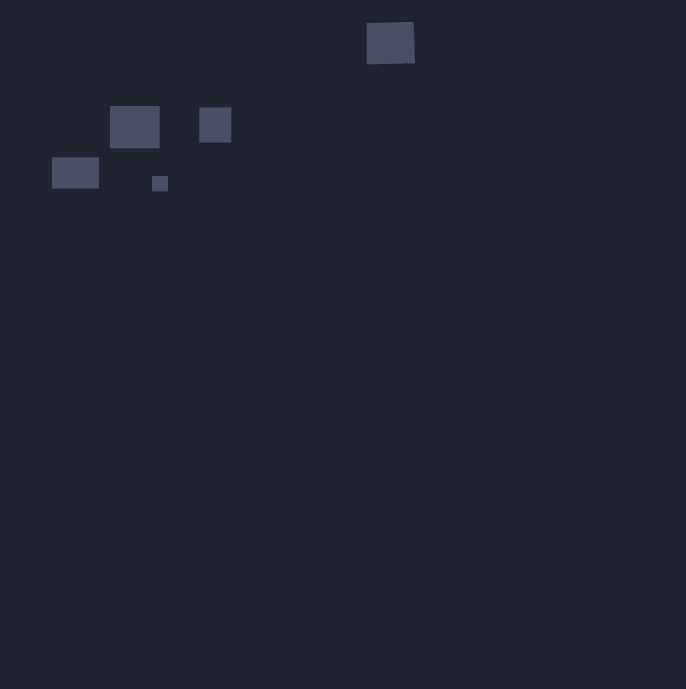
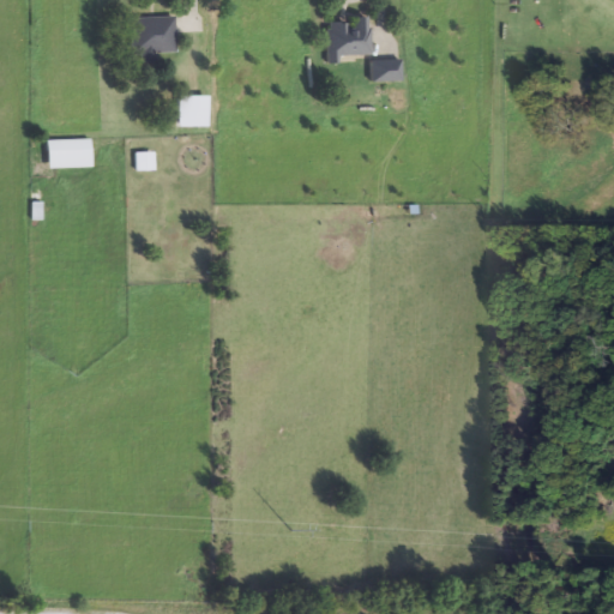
building: none -> [372,60,402,80]
building: [109,105,160,149] -> [132,17,177,55]

